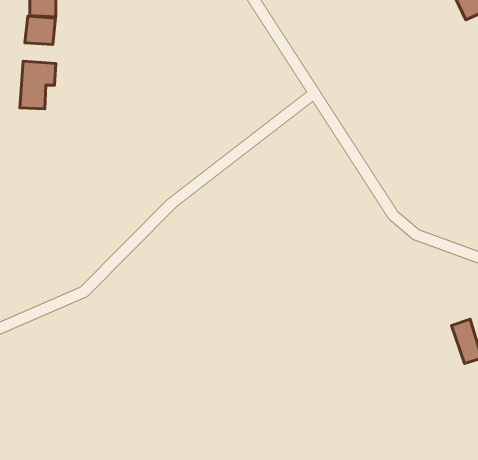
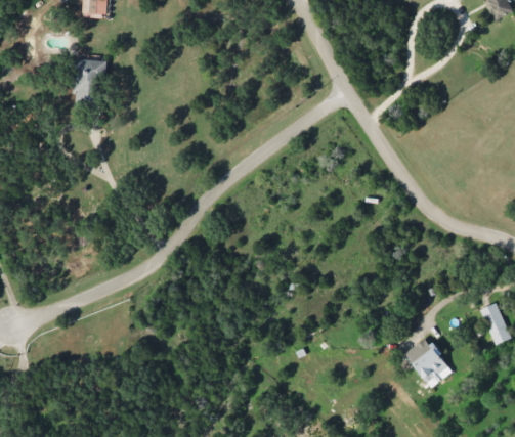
building: [25,16,56,45] -> none
building: none -> [405,338,453,388]

